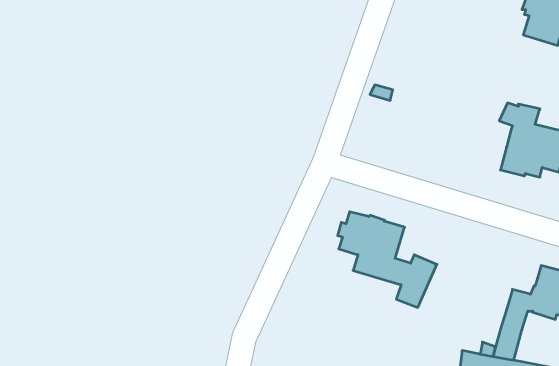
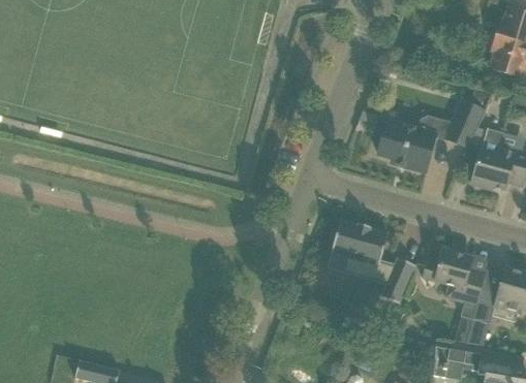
building: none -> [375,99,485,172]
building: none -> [423,247,486,319]

